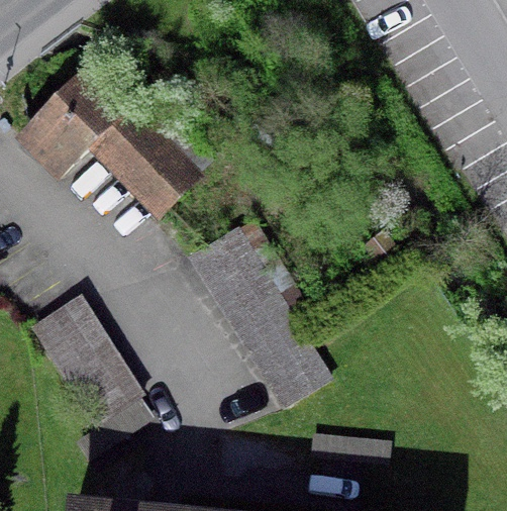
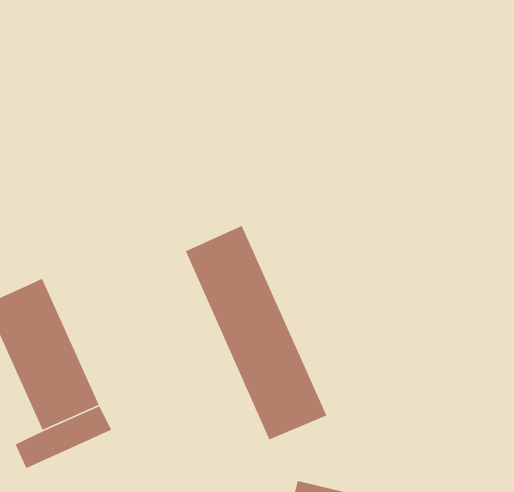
building: [24,74,193,204] -> none

